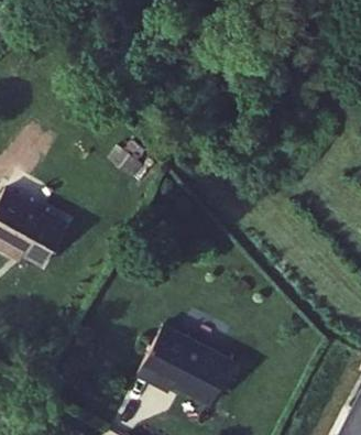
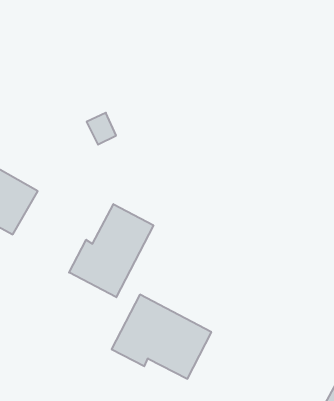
building: none -> [69,204,153,297]

